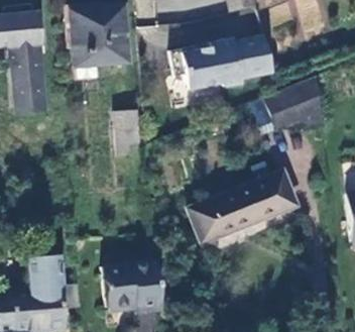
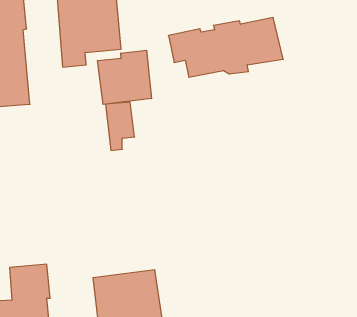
building: none -> [97,50,151,104]
building: [262,76,323,131] -> none
building: [188,170,297,243] -> none

